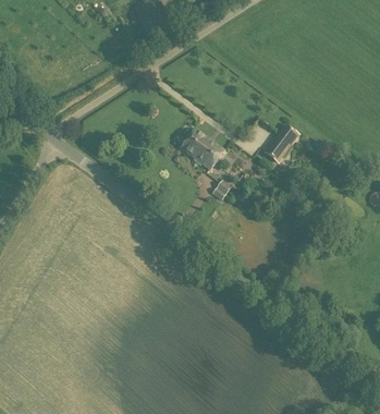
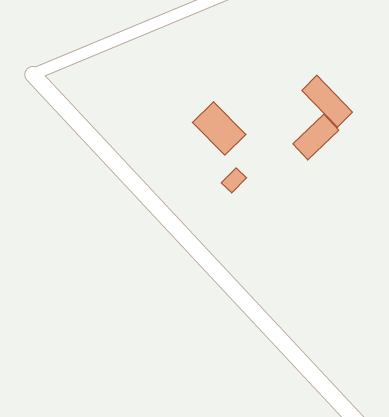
building: none -> [302,75,352,127]

